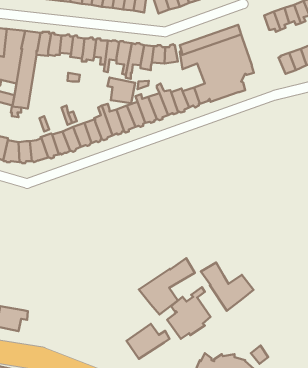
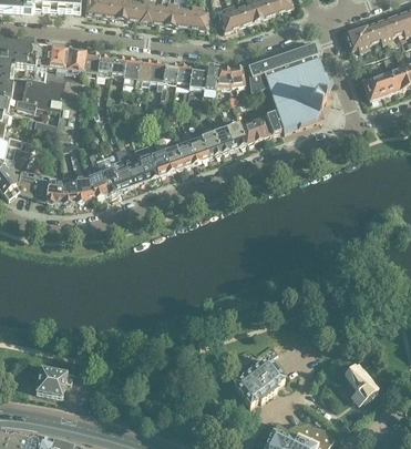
building: [107,78,135,103] -> none
building: [139,258,195,314] -> none
building: [201,263,253,311] -> none
building: none -> [345,365,378,401]
building: [127,324,170,359] -> none

